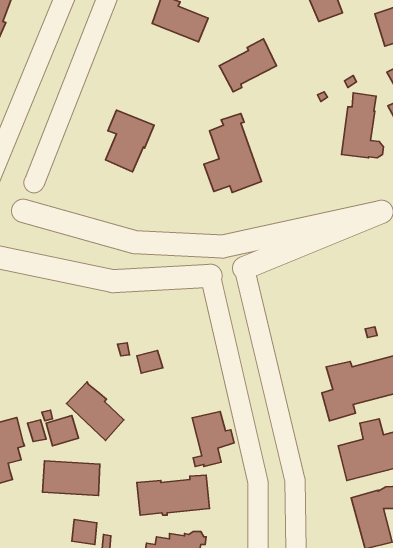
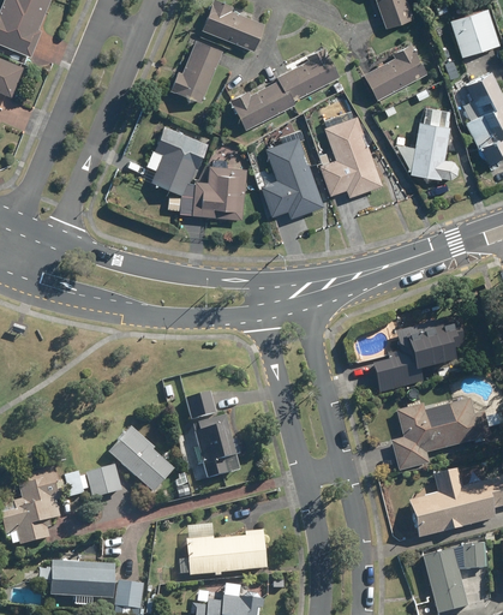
building: none -> [170,40,222,102]
building: none -> [364,44,426,100]
building: none -> [230,80,292,130]
building: none -> [318,109,382,197]
building: none -> [169,167,245,217]
building: none -> [372,320,463,392]
building: [192,411,234,467] -> [192,418,239,479]
building: [42,461,100,495] -> [48,561,112,599]

